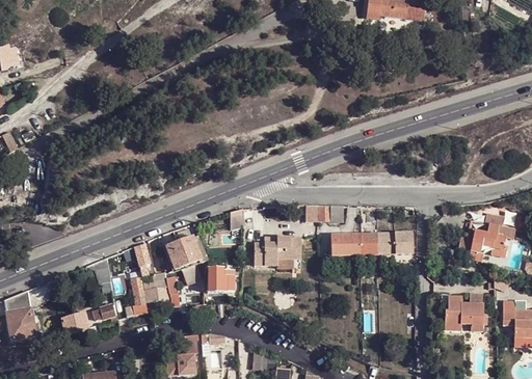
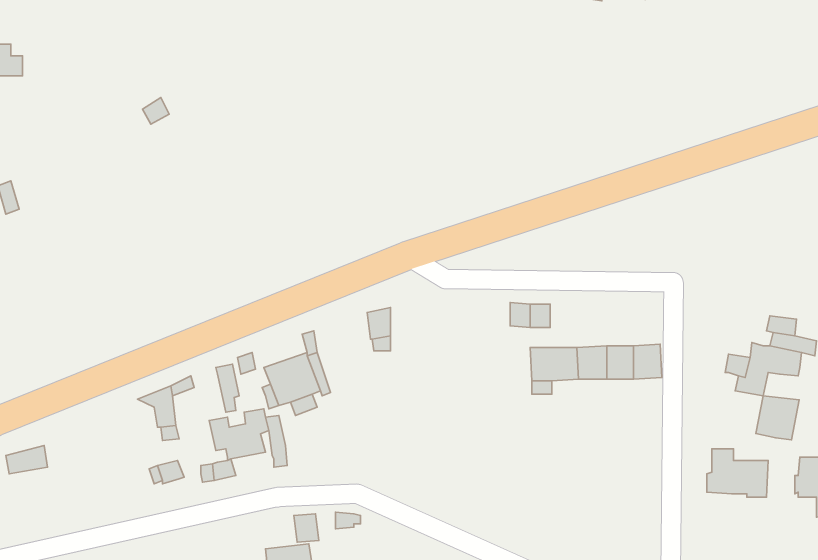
building: [255,236,302,265] -> none
building: none -> [756,396,799,440]
building: [210,267,237,292] -> none
building: [7,308,35,341] -> none
building: [62,310,89,336] -> none

